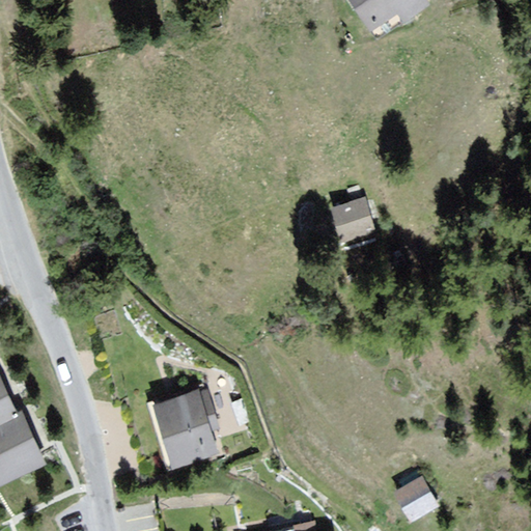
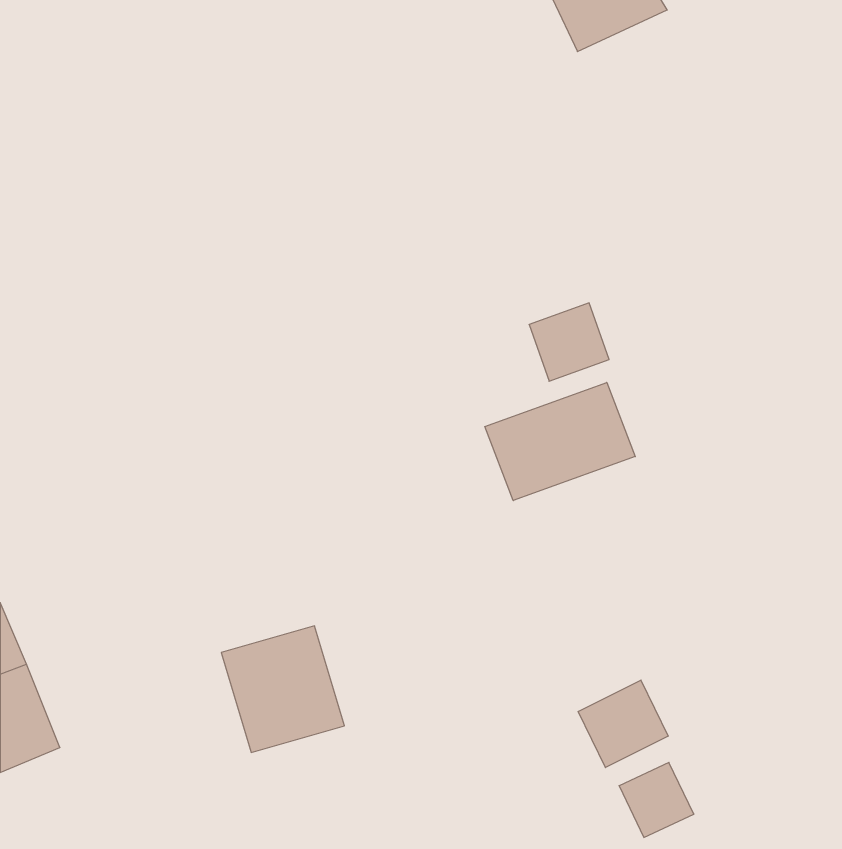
building: none -> [485,382,635,501]
building: none -> [578,680,668,768]

